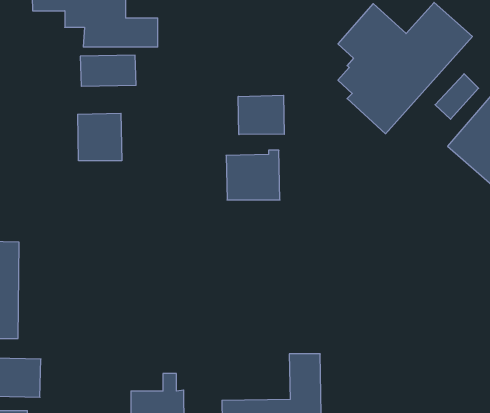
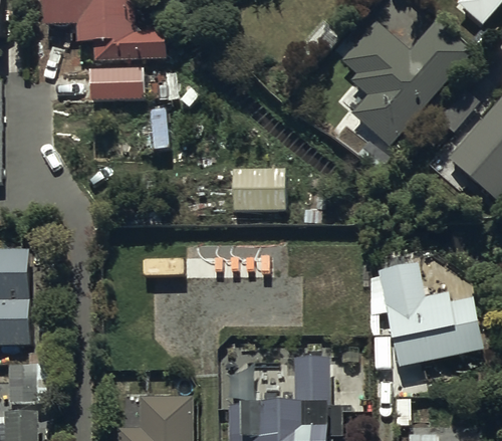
building: [238,95,284,135] -> none
building: [78,113,122,161] -> none
building: none -> [376,263,481,366]

